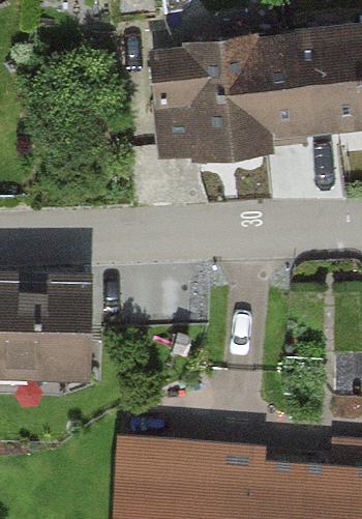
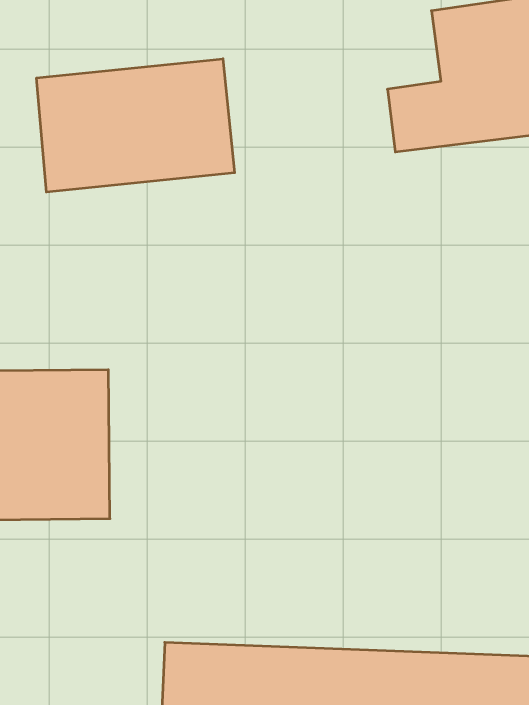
building: [155,38,298,155] -> none
building: none -> [37,59,235,192]

